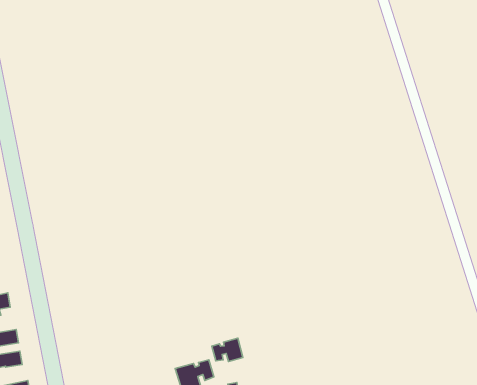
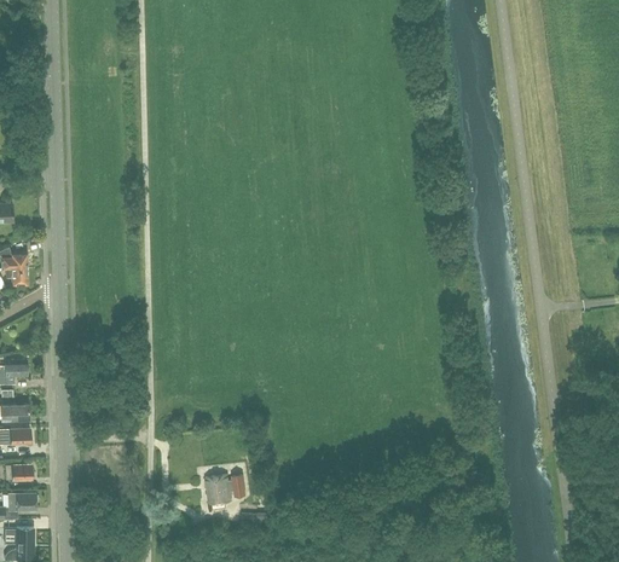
building: [212,338,243,361] -> none

